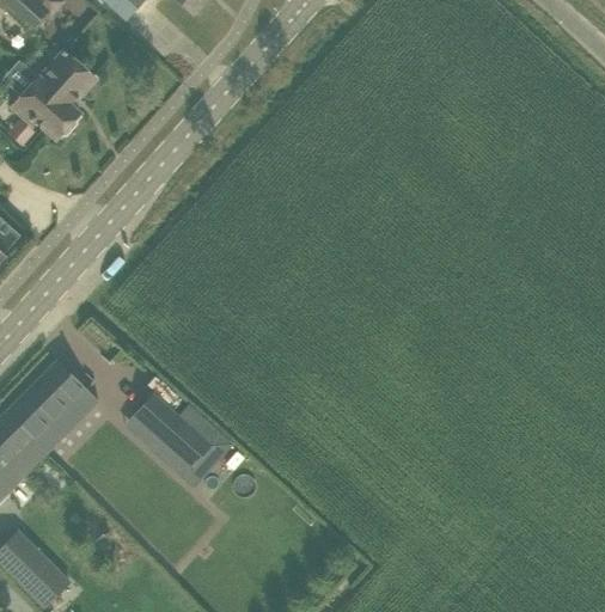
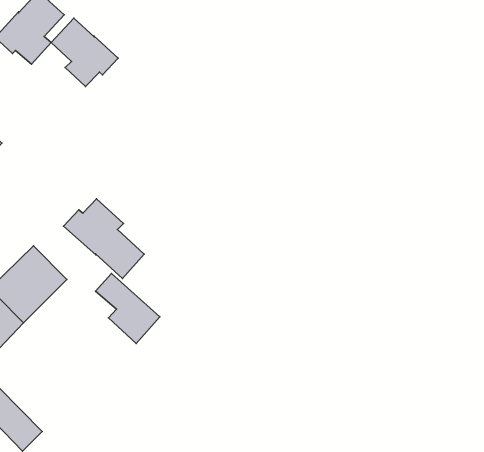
building: none -> [51,18,118,87]
building: none -> [63,199,144,278]

